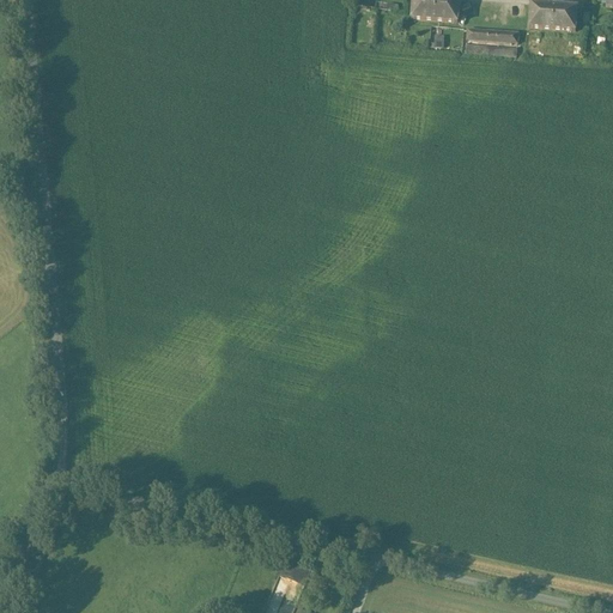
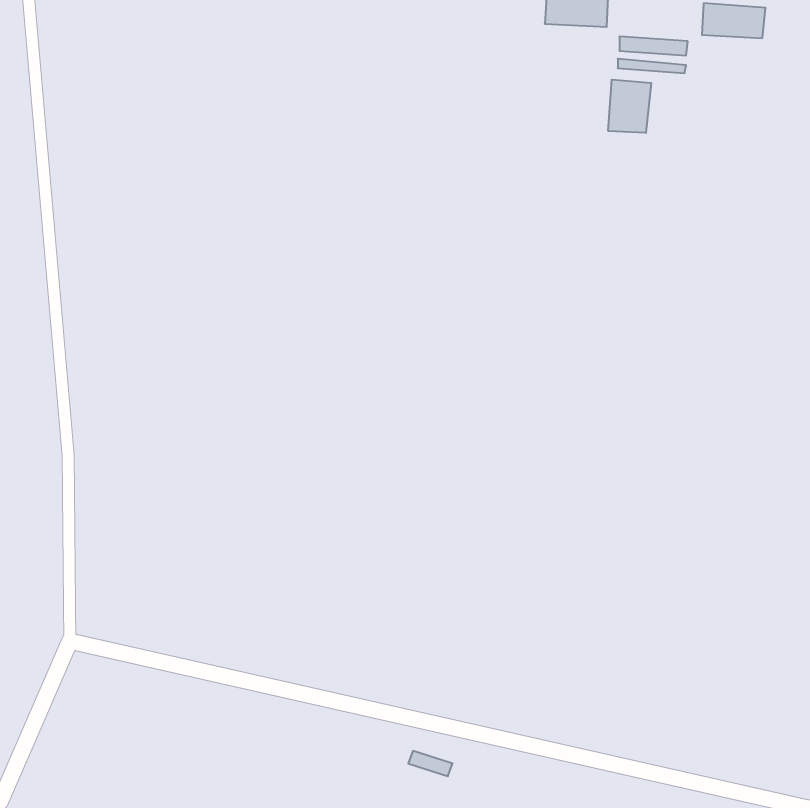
building: none -> [608,80,651,133]

